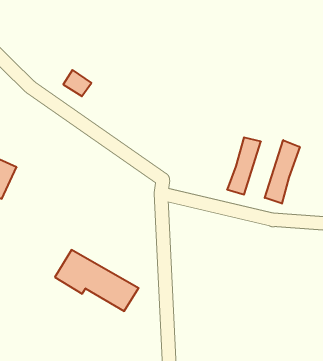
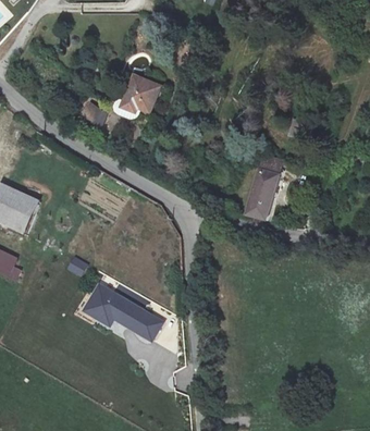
building: none -> [118,78,158,121]
building: [265,140,300,204] -> none

